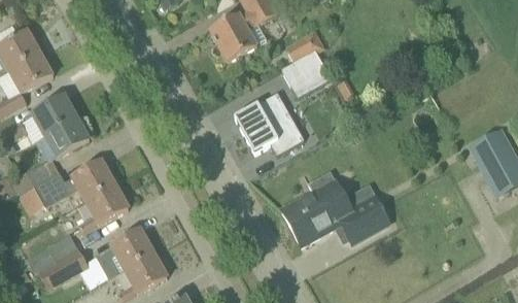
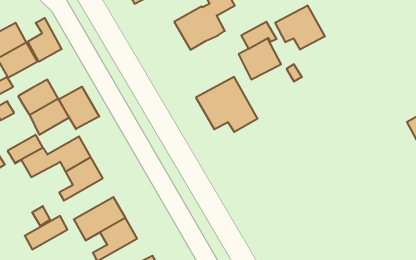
building: none -> [275,5,325,50]
building: none -> [28,18,62,62]
building: none -> [59,87,99,129]
building: [281,170,389,245] -> none

